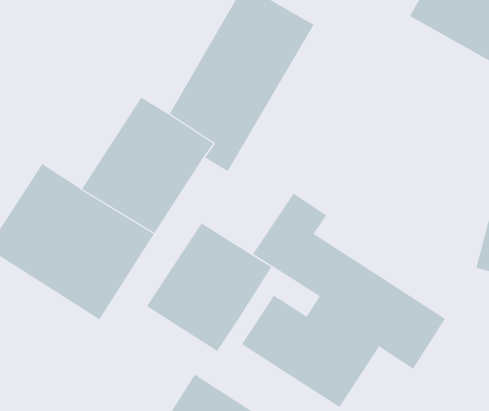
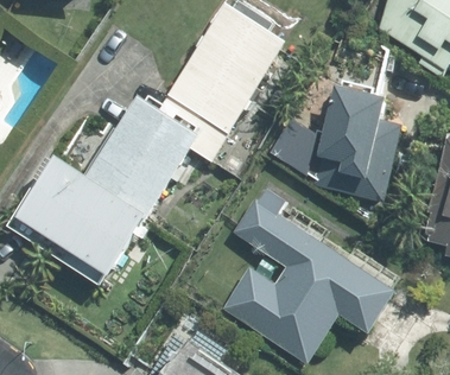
building: none -> [305,82,410,202]
building: [146,222,272,352] -> none

